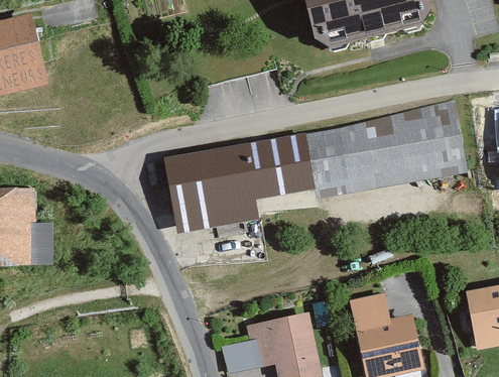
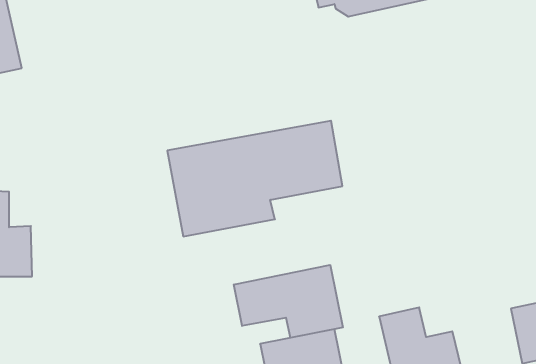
building: [309,103,468,198] -> none
building: none -> [234,265,343,338]

